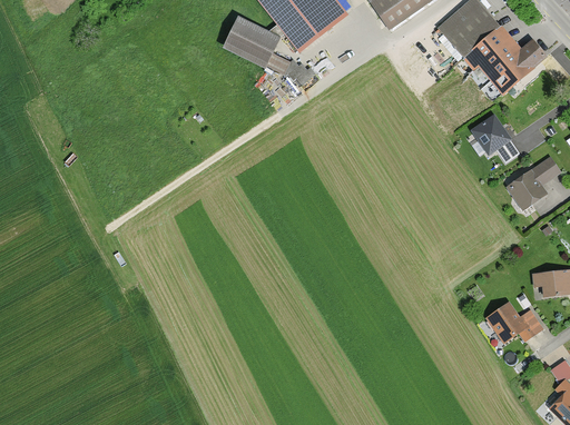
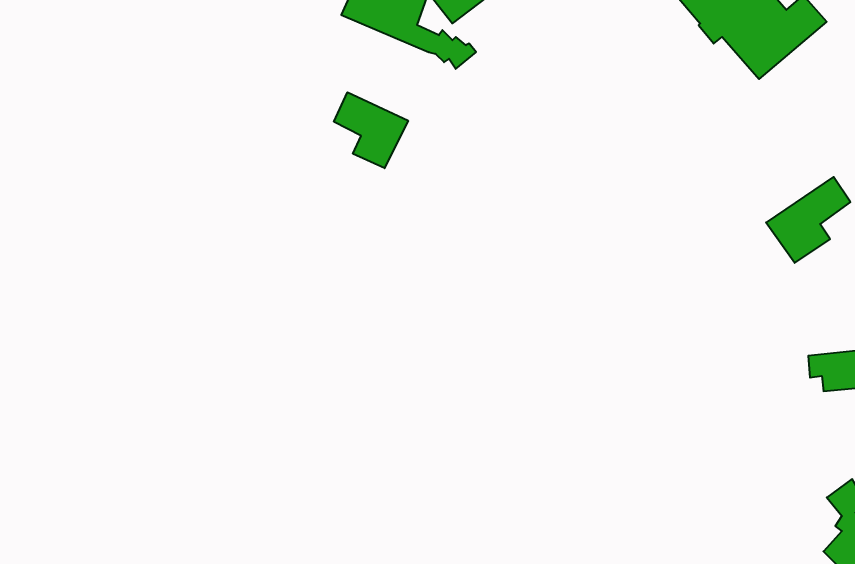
building: none -> [334,92,408,168]
building: [471,106,519,158] -> none
building: [487,302,546,346] -> none

